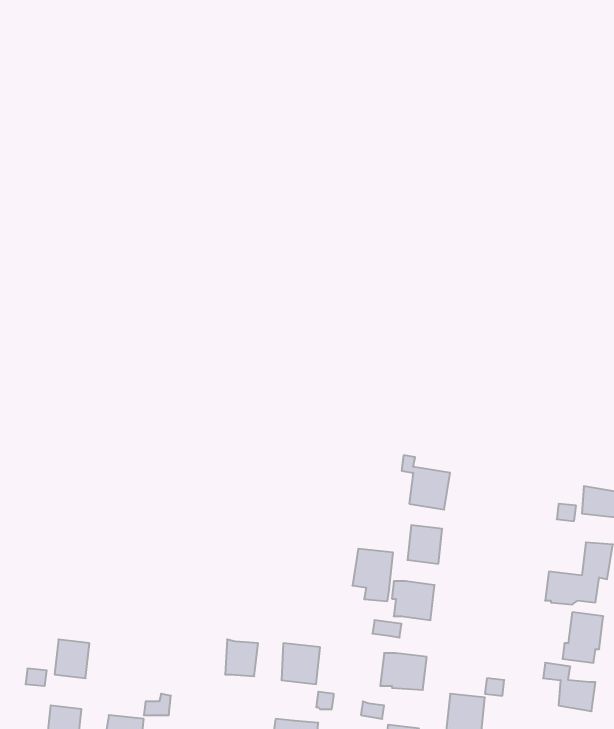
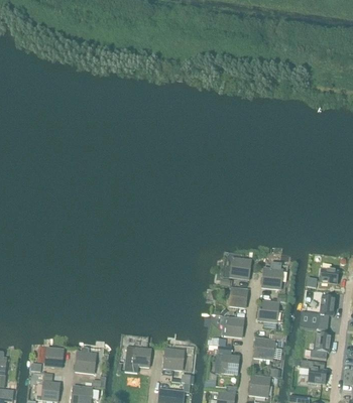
building: none -> [261,261,282,288]
building: [352,549,393,601] -> [257,300,278,327]
building: none -> [253,338,274,359]
building: none -> [75,346,95,372]

